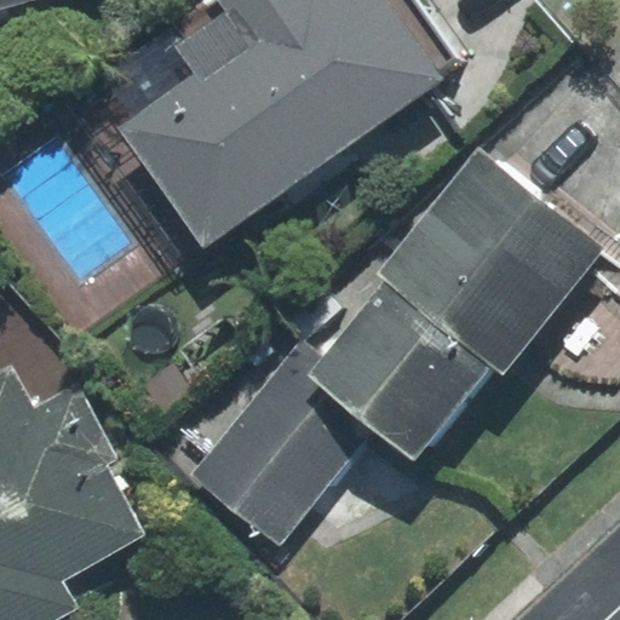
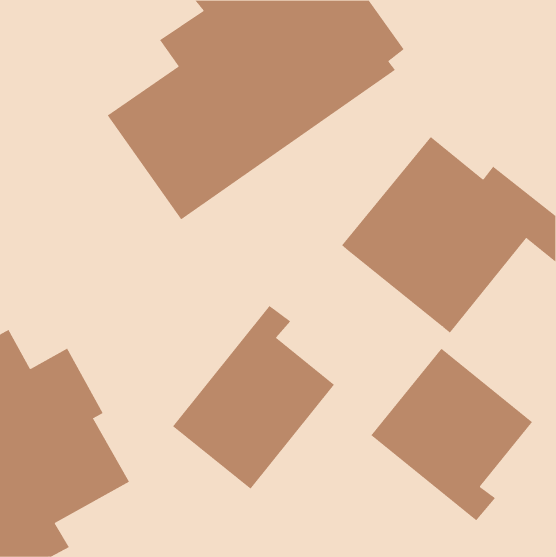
building: [308,279,492,460] -> none
building: none -> [371,348,533,521]

